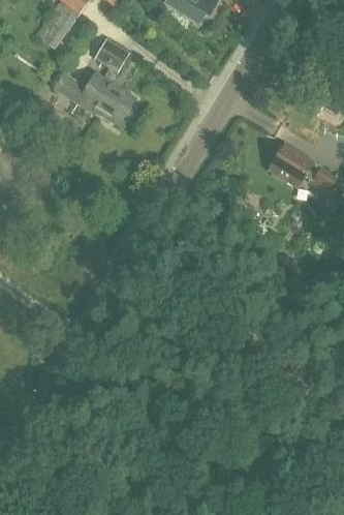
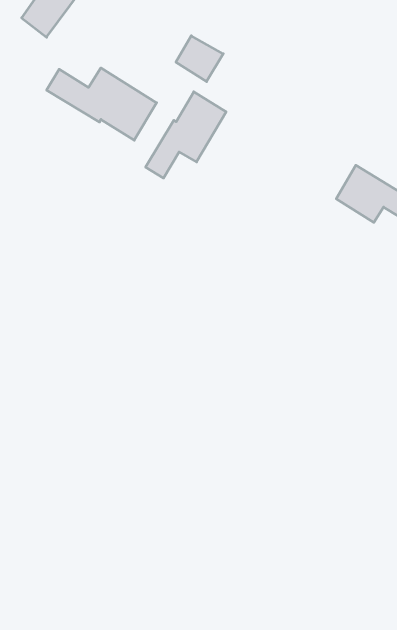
building: [94,38,129,72] -> [176,36,223,82]
building: none -> [146,92,226,178]

